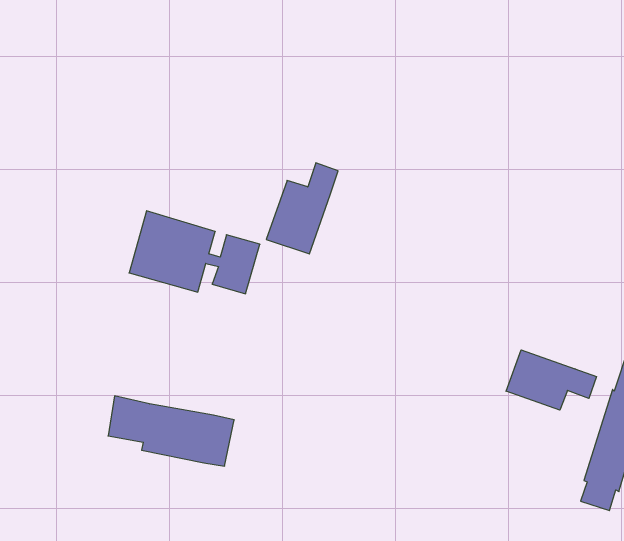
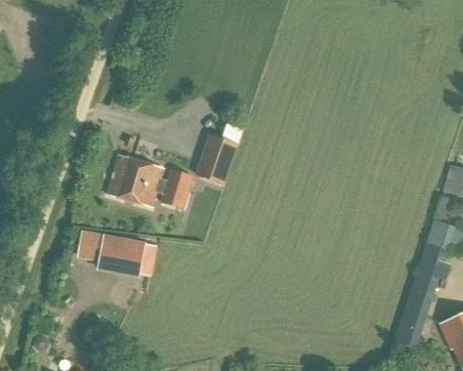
building: [506,350,596,410] -> none
building: [108,396,234,466] -> [76,231,157,276]

